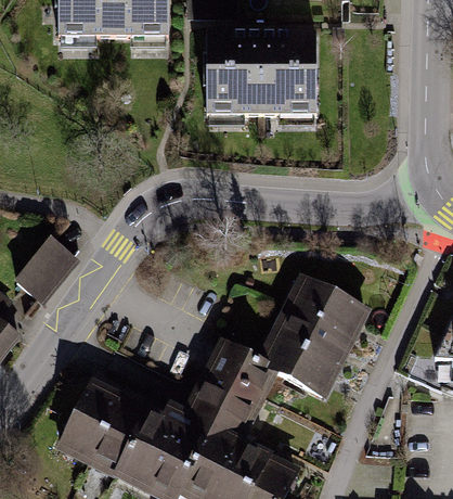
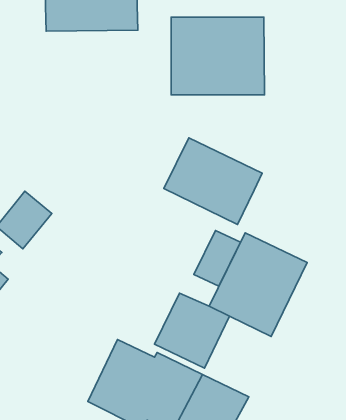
building: none -> [164,138,262,224]
building: none -> [194,230,240,286]
building: [55,375,146,475] -> none

